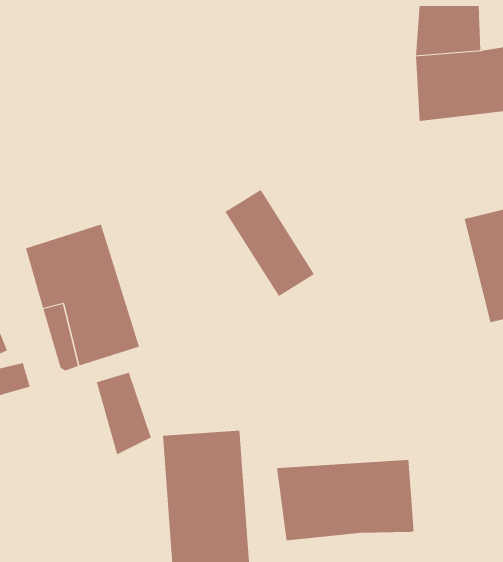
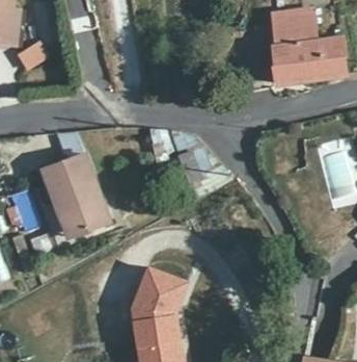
building: [96,372,151,455] -> none
building: [277,459,414,541] -> none

